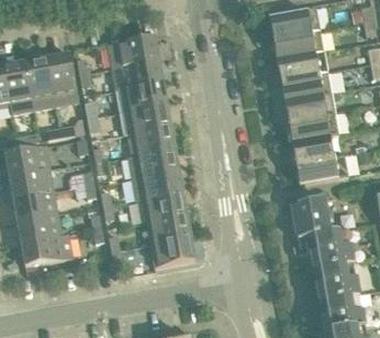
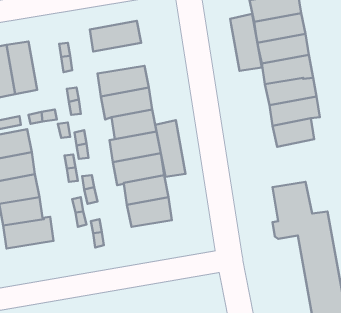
building: none -> [230,14,262,71]
building: [46,52,79,105] -> none
building: [111,57,163,88] -> none
building: none -> [155,120,185,177]
building: [295,152,348,183] -> none
building: [149,236,194,266] -> none

